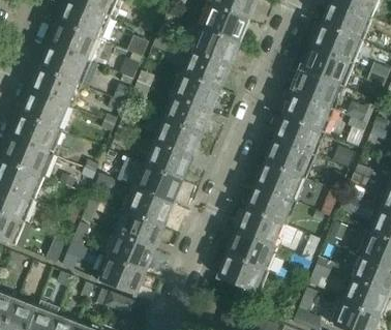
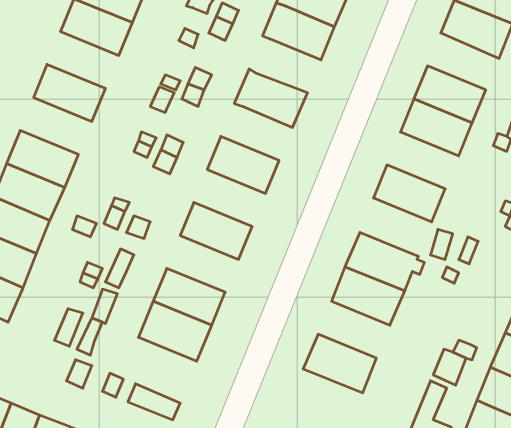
building: [41,44,91,84] -> none
building: [304,46,354,85] -> none
building: [181,48,231,87] -> none
building: [23,90,72,129] -> none
building: [161,94,211,133] -> none
building: [276,114,326,153] -> none
building: [138,136,192,179] -> none
building: [258,159,307,200] -> none
building: [124,185,174,224] -> none
building: [229,231,278,270] -> none
building: [95,256,145,295] -> none

